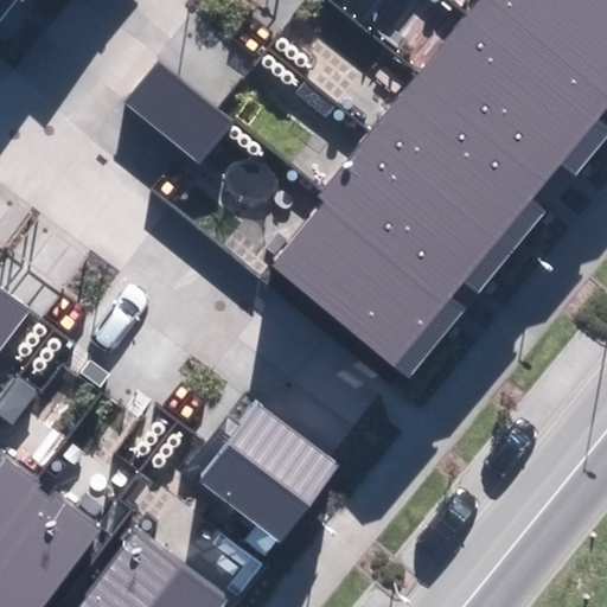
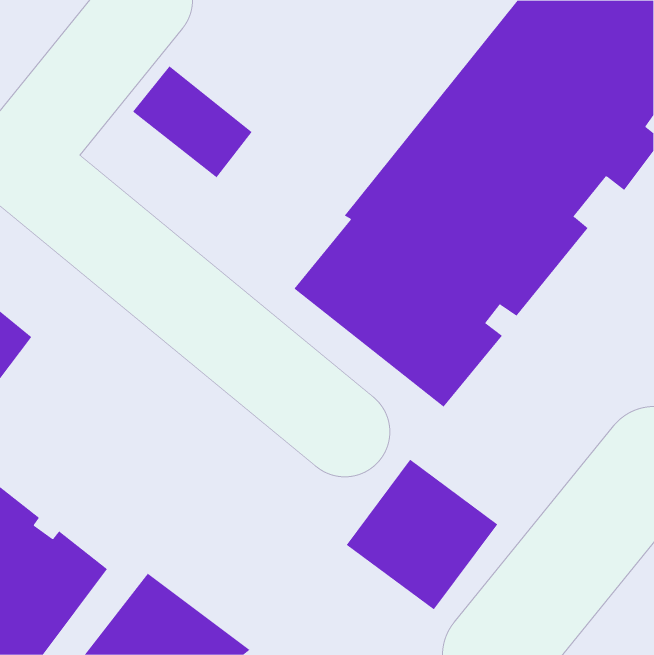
building: [199,403,340,543] -> [346,459,498,610]

